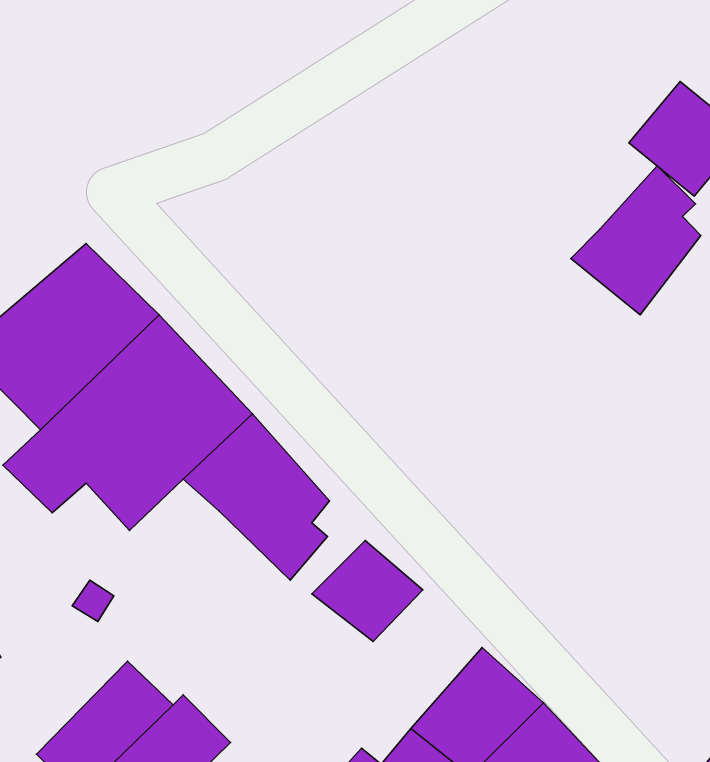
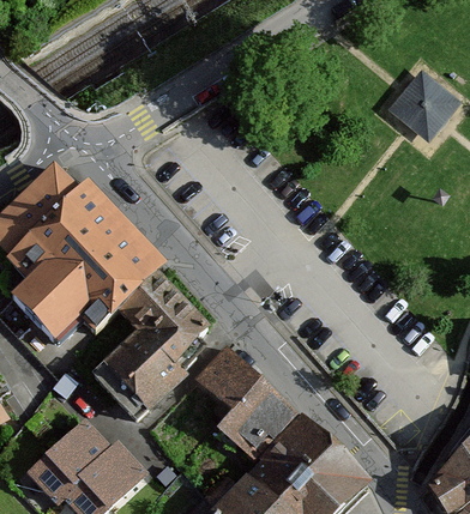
building: [571,166,701,315] -> none
building: none -> [94,329,189,419]
building: none -> [217,377,300,461]

